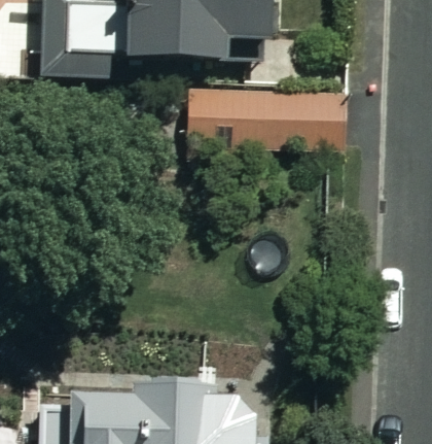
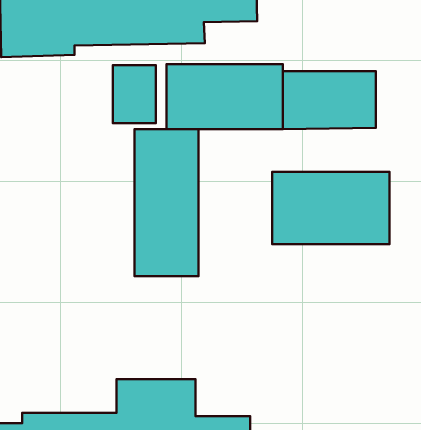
building: none -> [135,129,199,276]
building: none -> [272,172,390,244]

